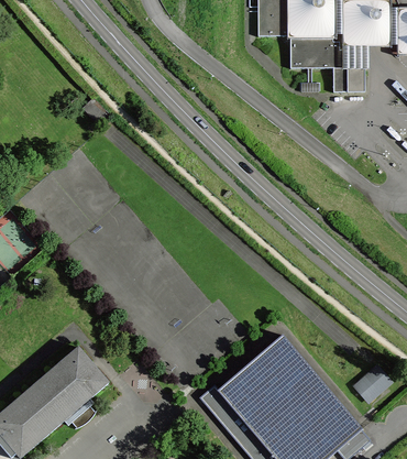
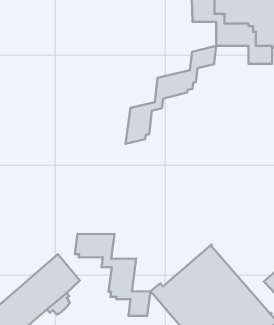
building: none -> [125,46,216,144]
building: none -> [75,234,151,316]

